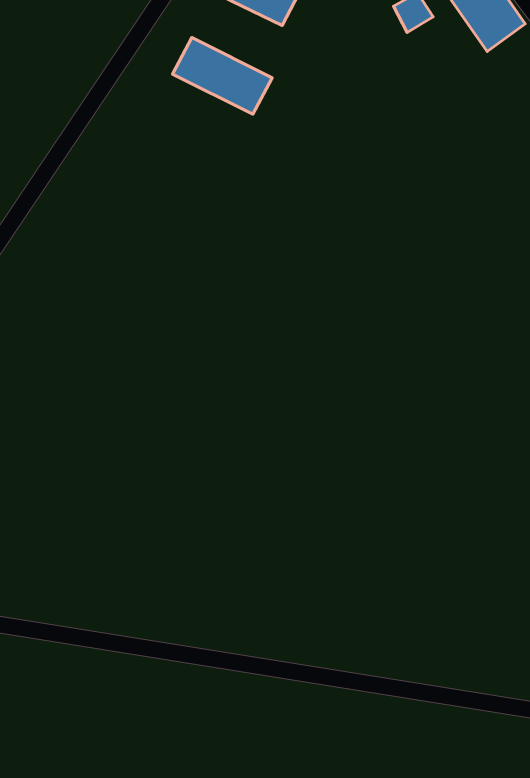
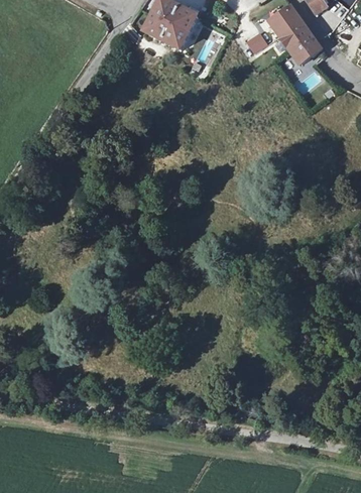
building: [173,38,272,114] -> none

